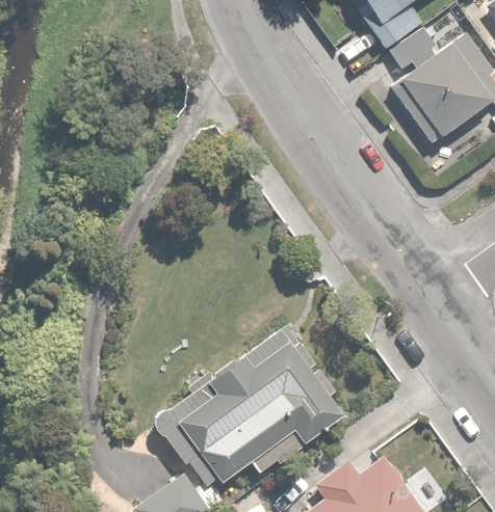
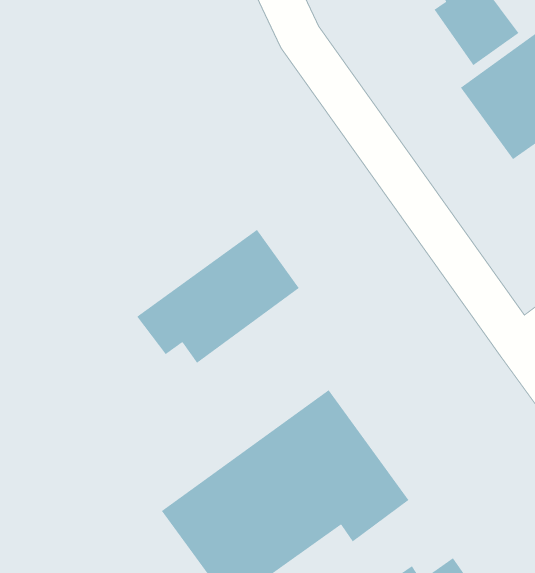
building: none -> [136,229,300,364]

